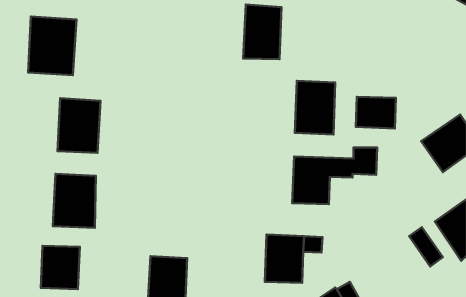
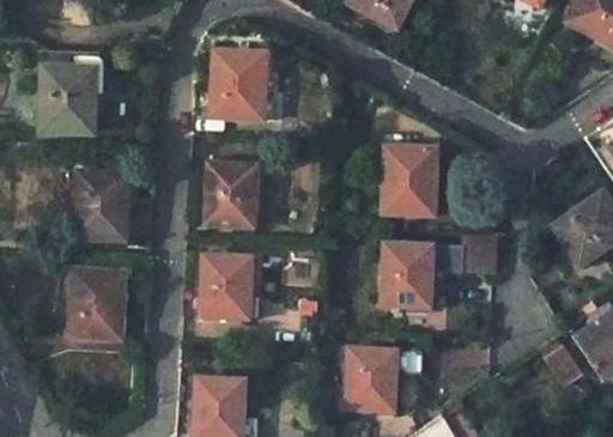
building: [243,4,281,59] -> [212,49,262,121]
building: none -> [207,163,256,225]
building: [356,97,396,128] -> none
building: none -> [201,254,251,318]
building: [41,246,80,289] -> none

